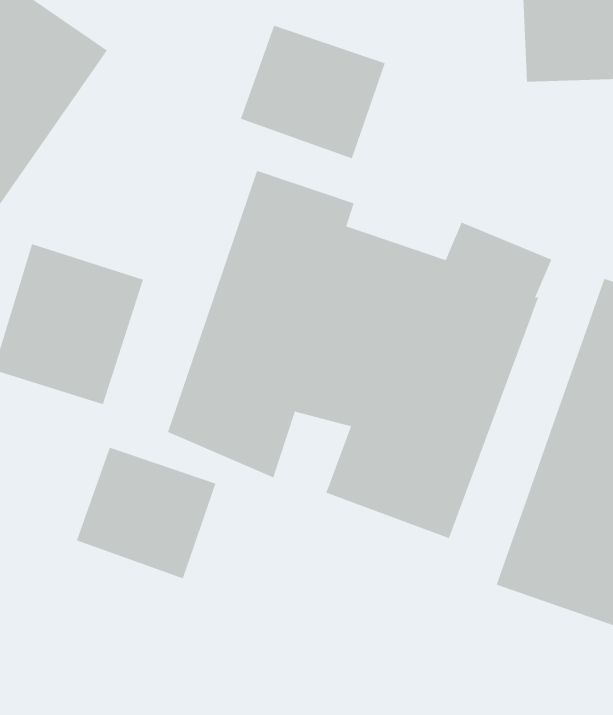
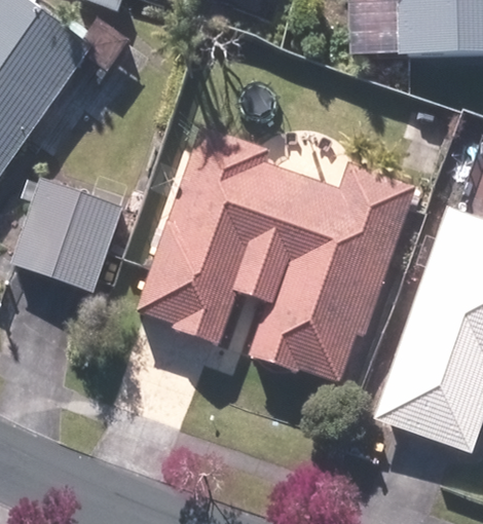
building: [240,25,385,159] -> none
building: [76,447,216,579] -> none

